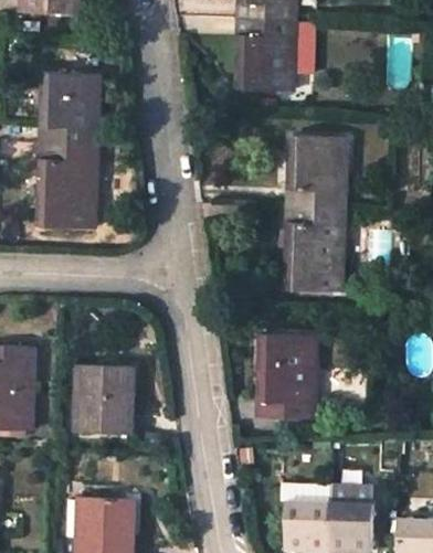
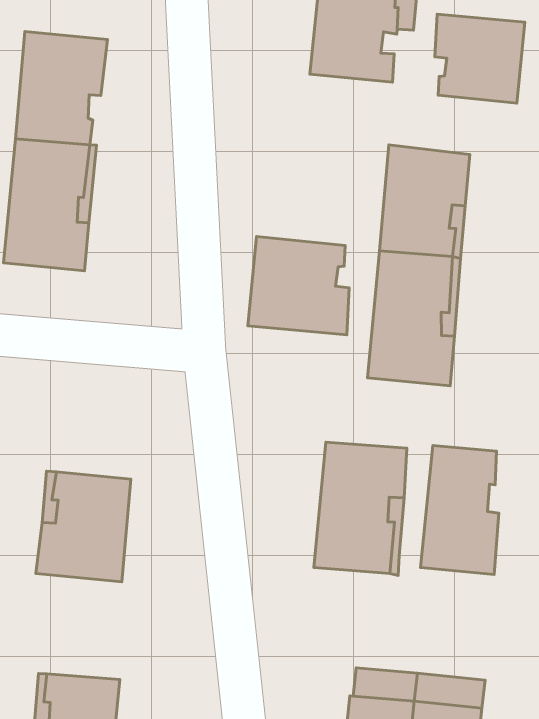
building: none -> [435,14,525,103]
building: none -> [248,236,349,335]
building: none -> [421,446,499,574]

